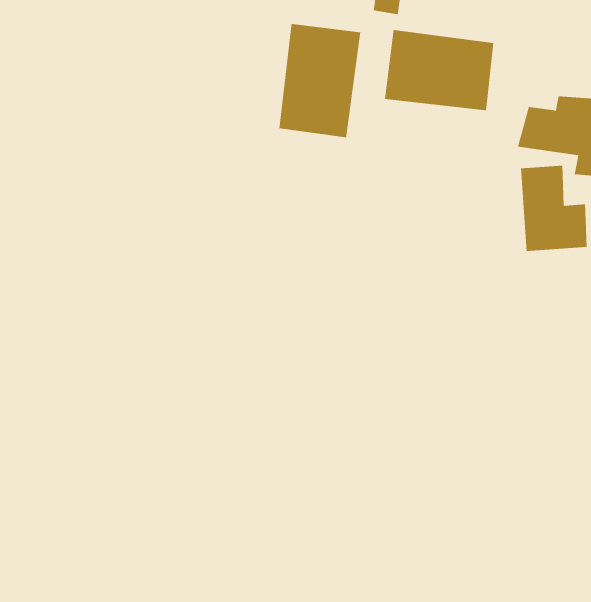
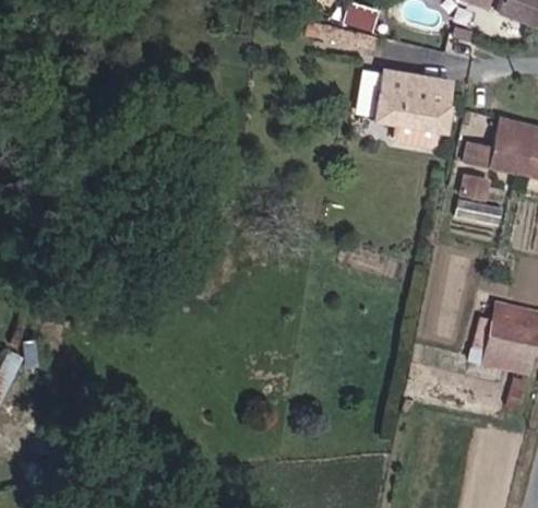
building: [279,23,361,138] -> none

